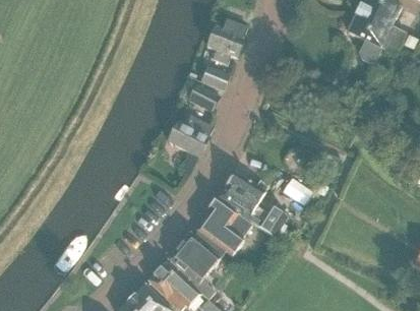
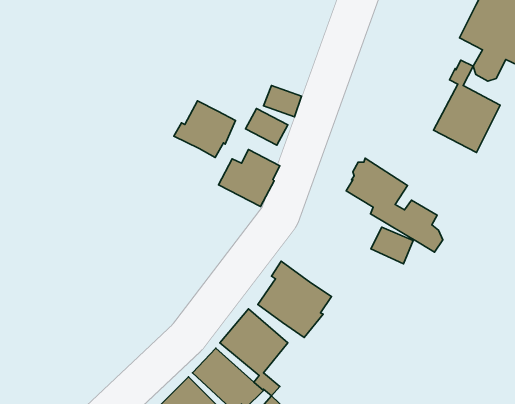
building: [206,18,247,63] -> none
building: none -> [434,60,500,152]
building: none -> [174,101,236,158]
building: [220,172,292,242] -> [346,158,443,252]

